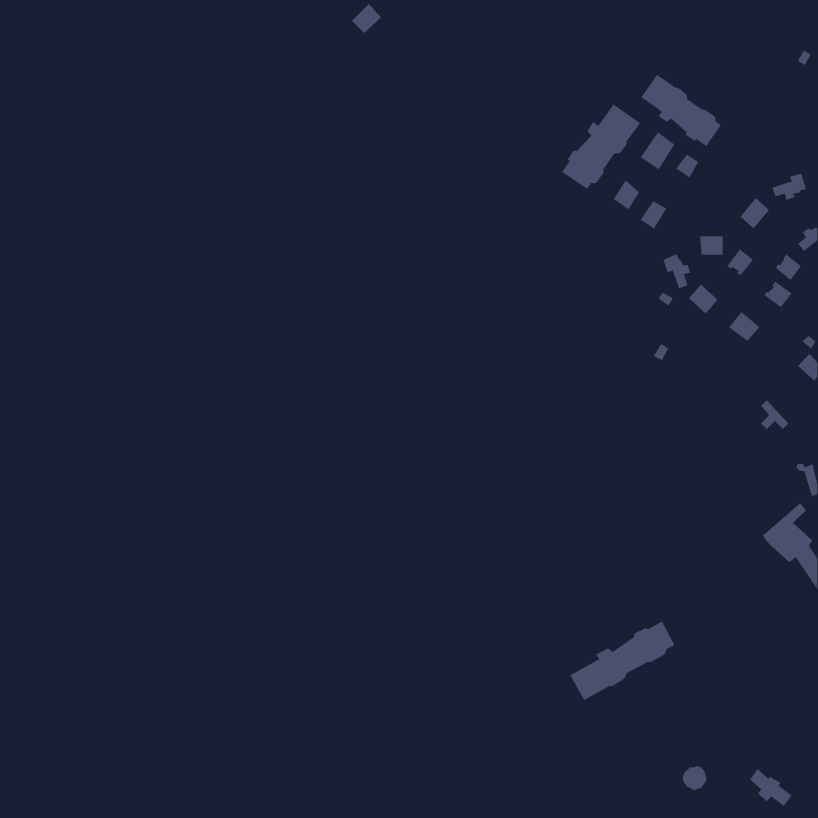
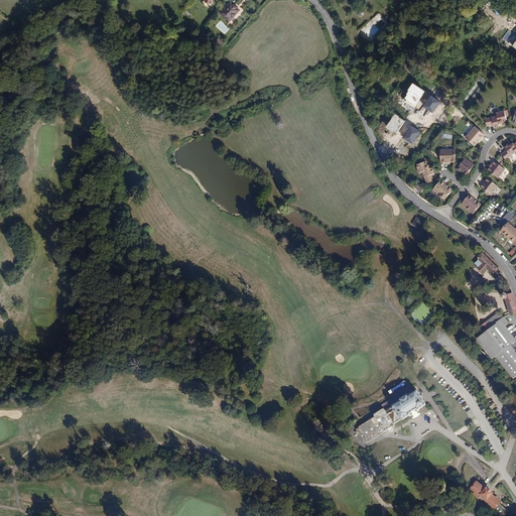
building: [641,74,721,147] -> none
building: [561,103,641,190] -> none

